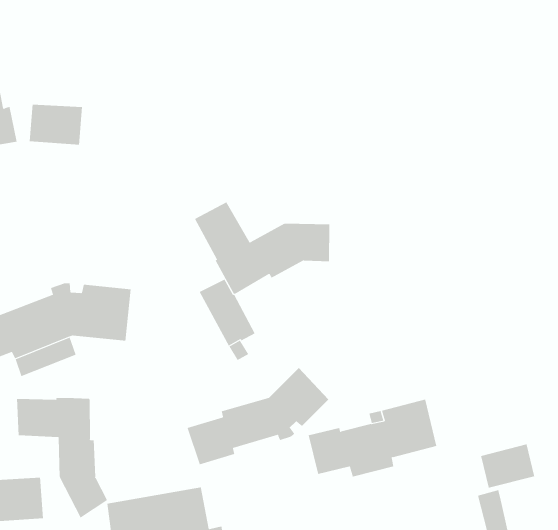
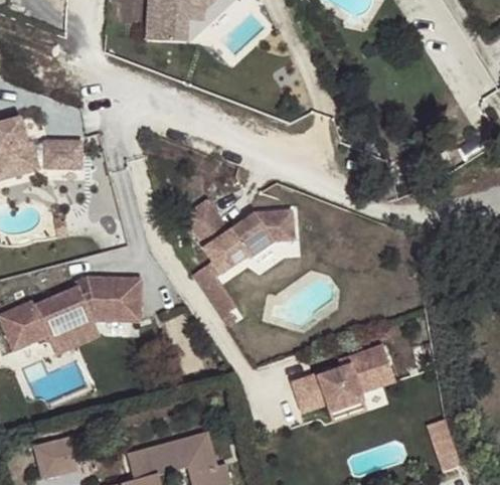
building: [187,367,329,465] -> none
building: [17,397,108,518] -> none
building: [481,444,535,489] -> none

